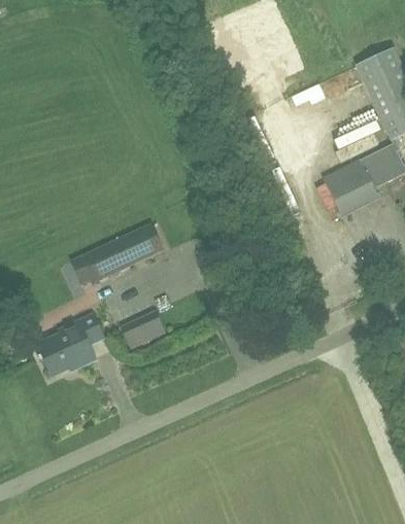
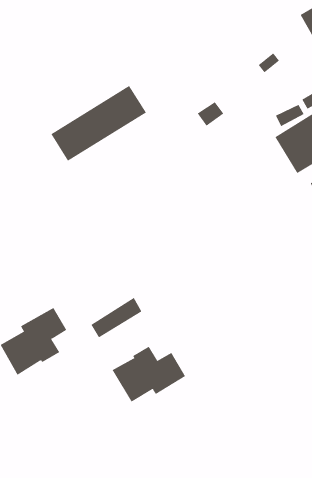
building: [68,222,162,288] -> [50,85,147,162]
building: none -> [112,346,186,402]

